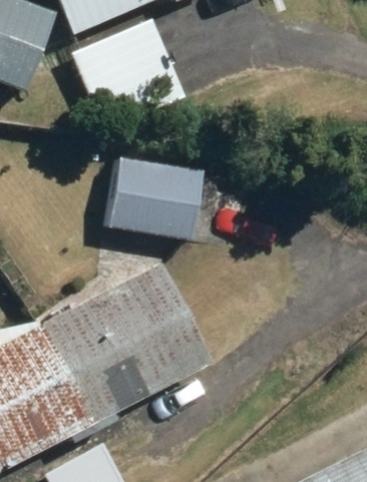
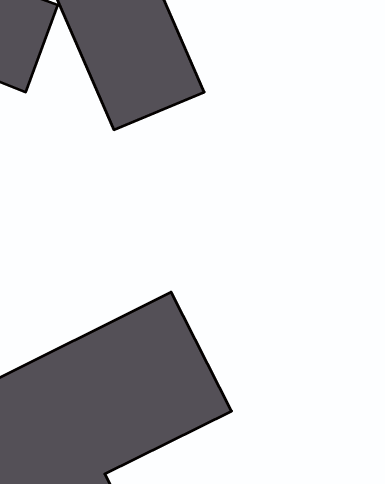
building: [97,156,204,238] -> none

